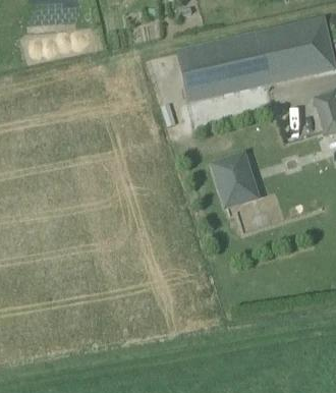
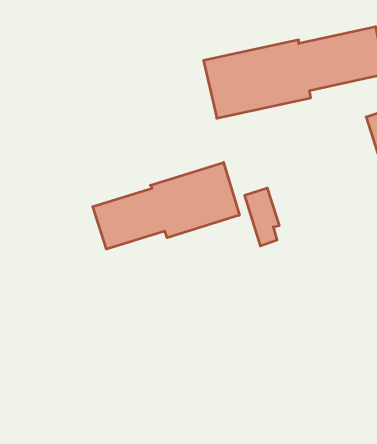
building: none -> [93,162,239,249]

